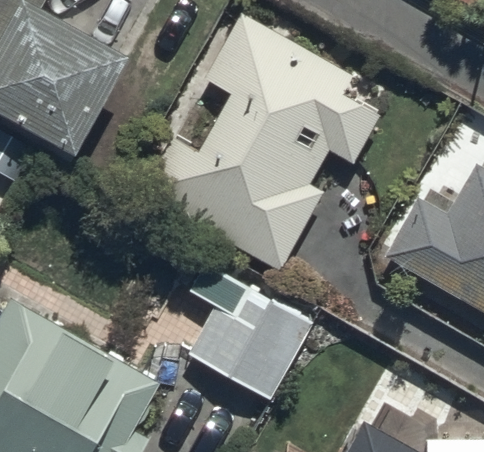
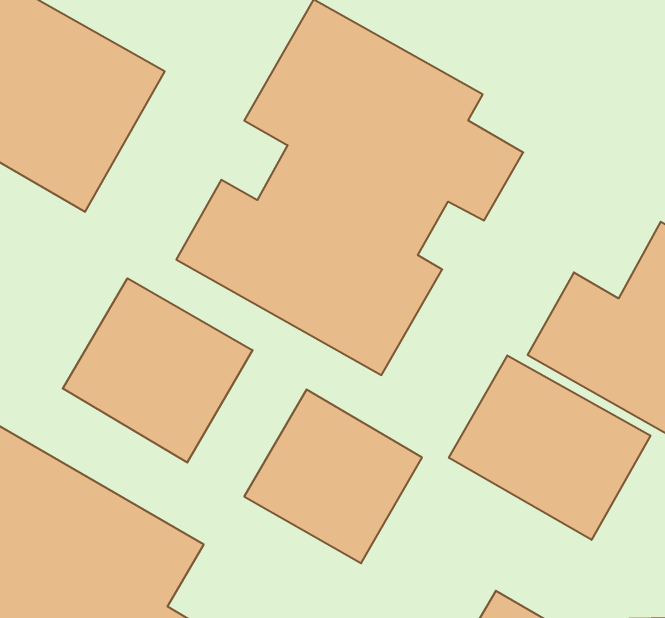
building: none -> [63,278,253,463]
building: none -> [449,355,650,540]

